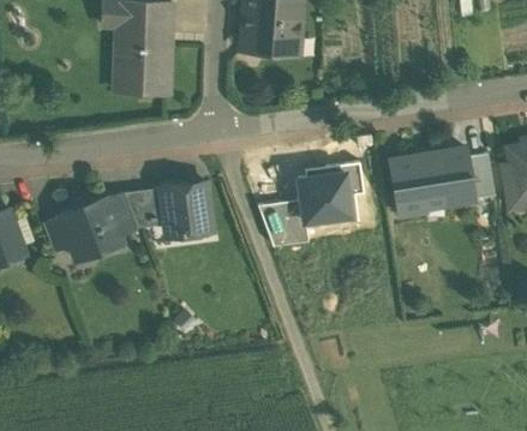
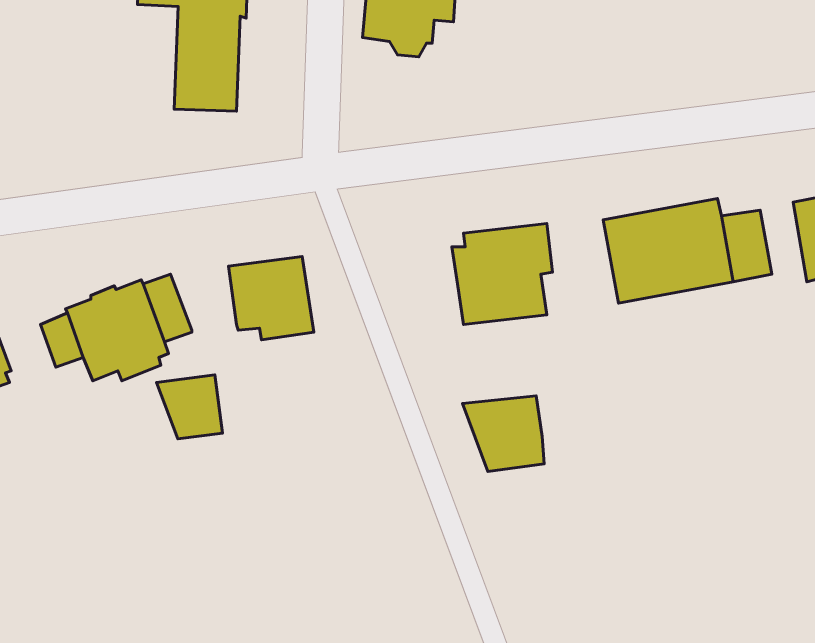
building: [124,188,164,228] -> [157,375,222,439]
building: [256,199,306,246] -> [463,396,544,471]

